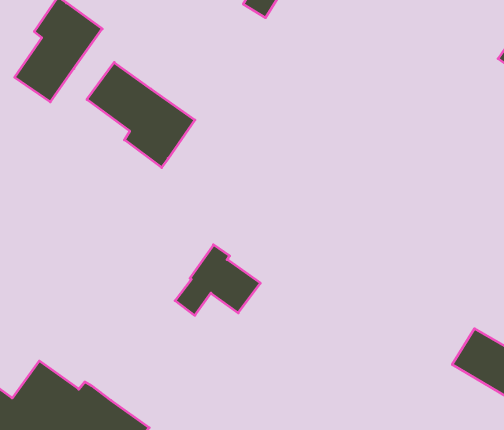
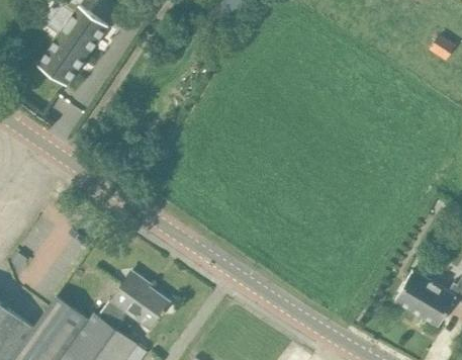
building: [87,62,195,168] -> none
building: [175,245,260,315] -> [100,272,170,330]

